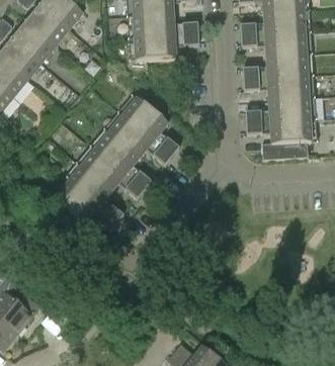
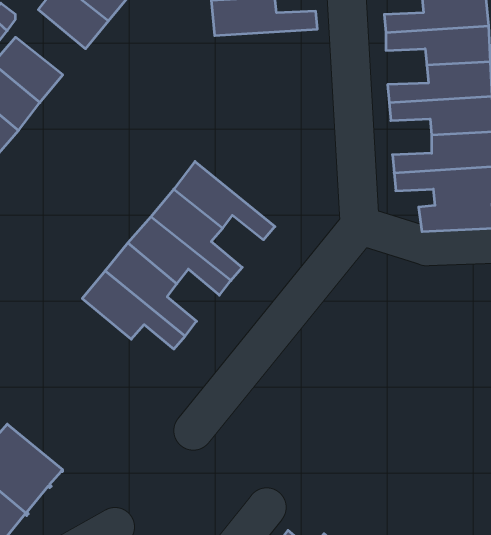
building: [11,22,55,63] -> none
building: [135,34,198,61] -> none
building: [122,99,179,157] -> none

